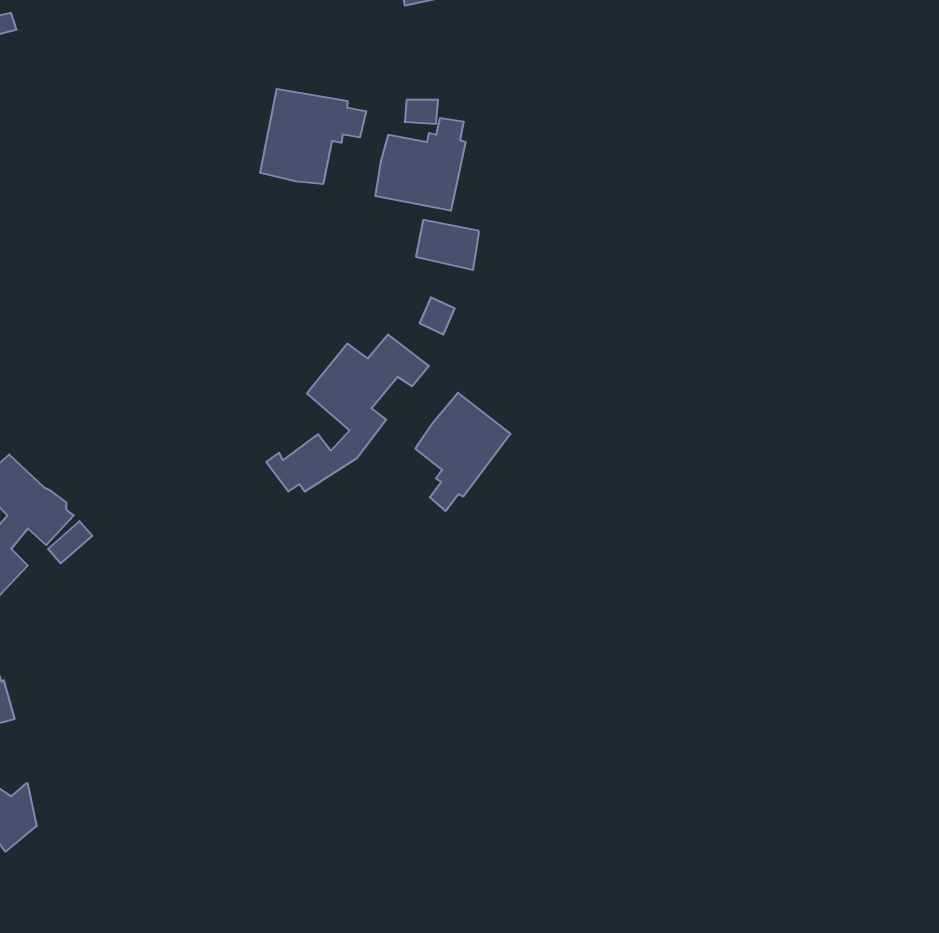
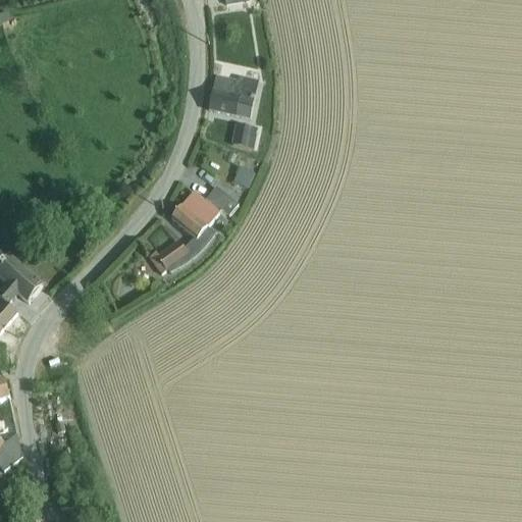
building: [260,89,366,184] -> none
building: [415,393,511,511] -> none

